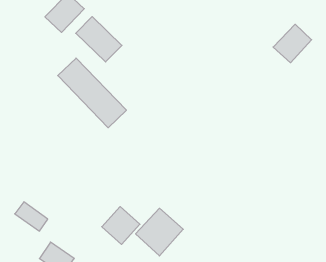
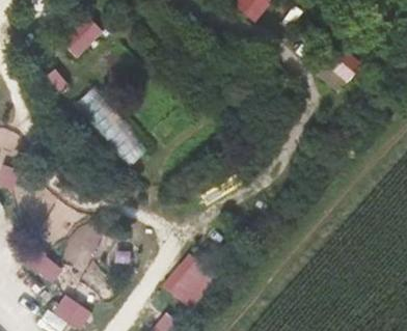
building: [76,17,122,62] -> none
building: [102,207,140,244] -> none

